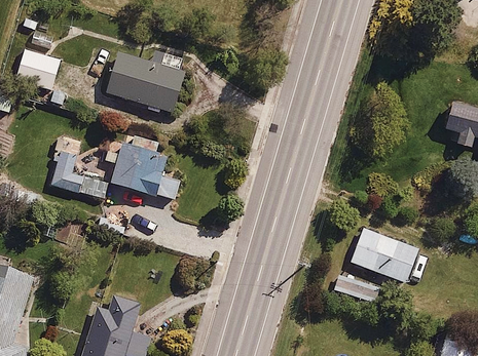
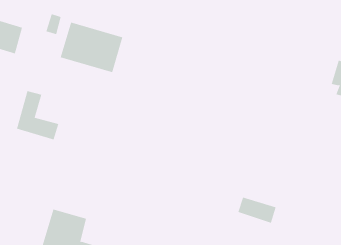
building: [111,131,182,203] -> none
building: [351,227,420,282] -> none

